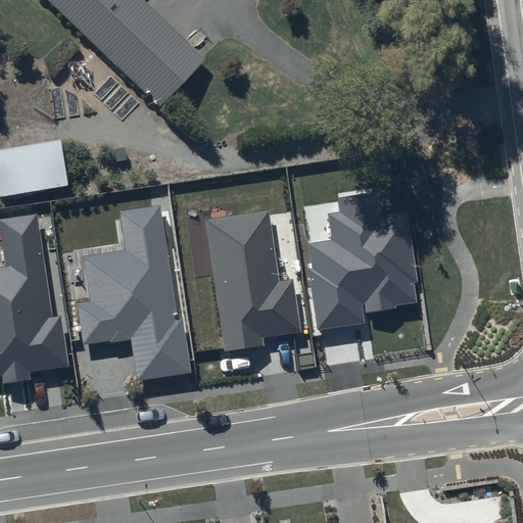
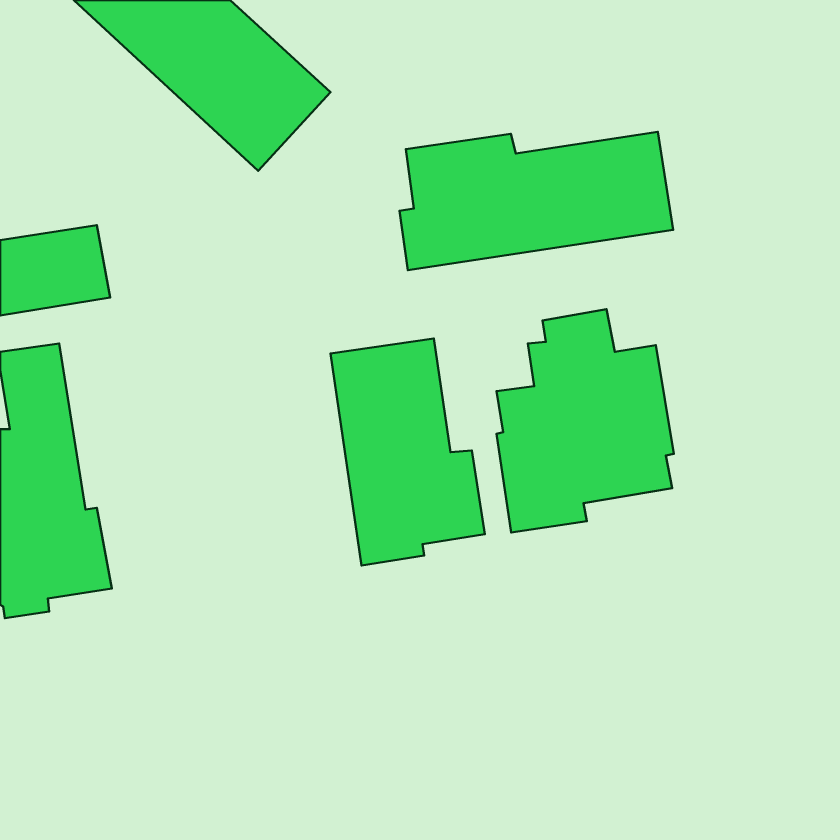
building: none -> [399,132,673,270]
building: [77,205,191,380] -> none

